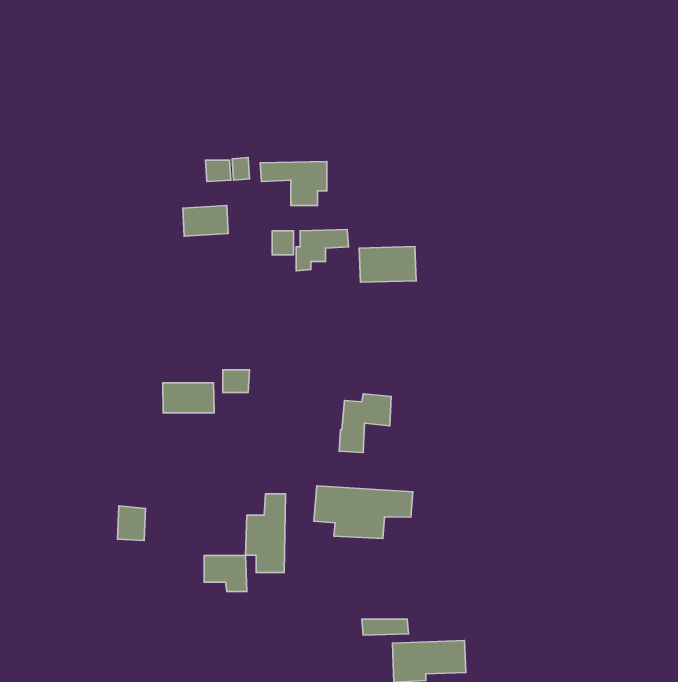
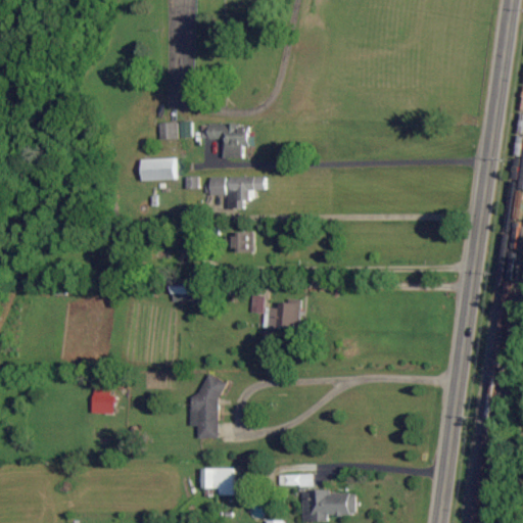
building: [359,246,416,282] -> none
building: none -> [232,232,253,252]
building: [163,383,214,413] -> none
building: [314,486,413,538] -> none
building: [204,555,247,591] -> [200,468,233,495]

